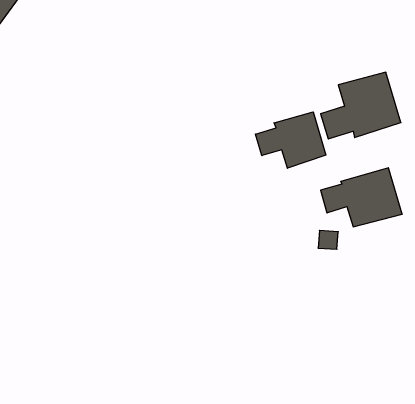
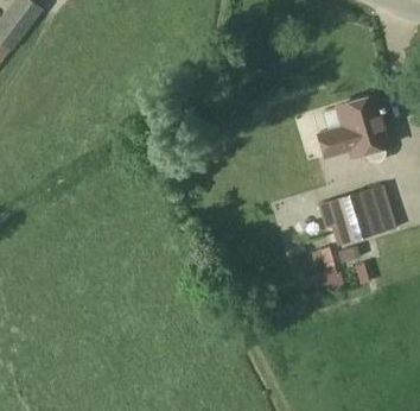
building: [255,112,326,168] -> none

